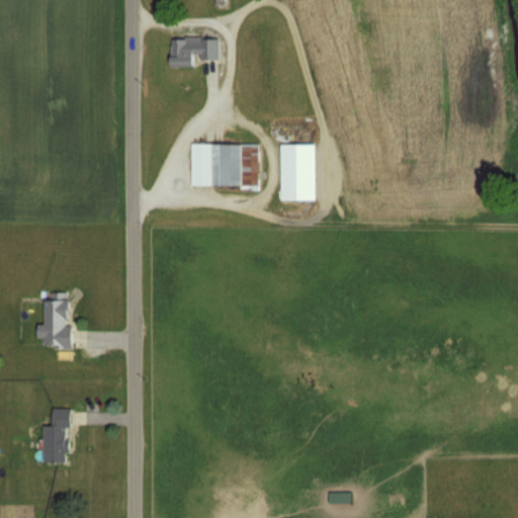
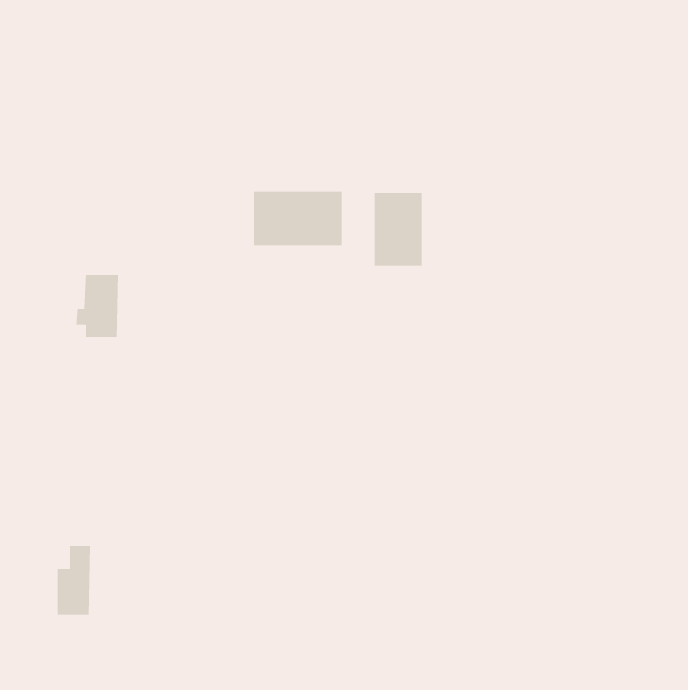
building: [170,37,218,67] -> none
building: [36,299,69,347] -> [76,274,119,338]

